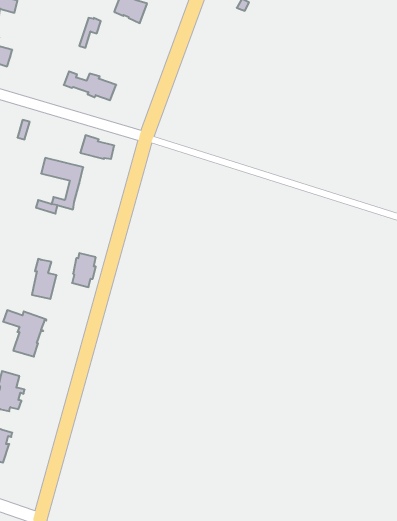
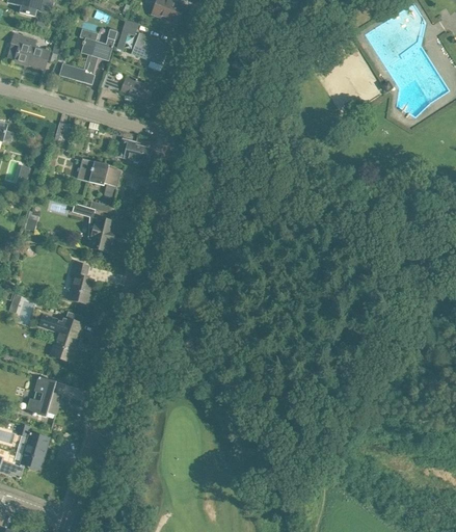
building: none -> [59,28,118,84]
building: none -> [131,32,168,70]
building: [72,253,96,287] -> [90,216,114,250]

